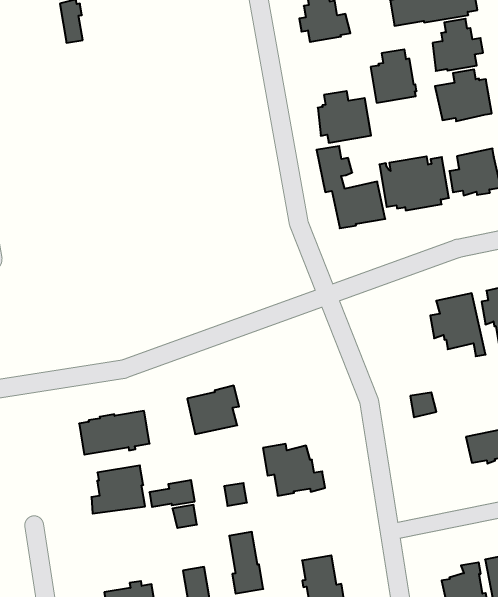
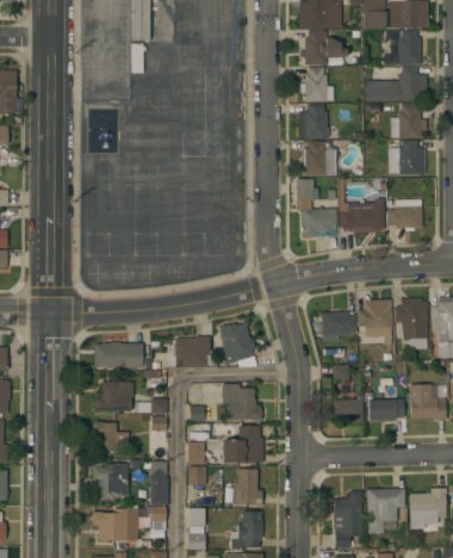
building: [371,49,417,103] -> [298,104,328,138]
building: none -> [321,311,356,341]
building: none -> [215,323,254,364]
building: none -> [333,395,365,423]
building: none -> [222,426,262,463]
building: none -> [92,421,128,450]

